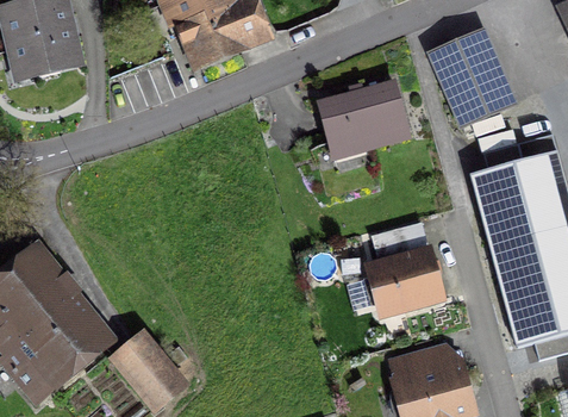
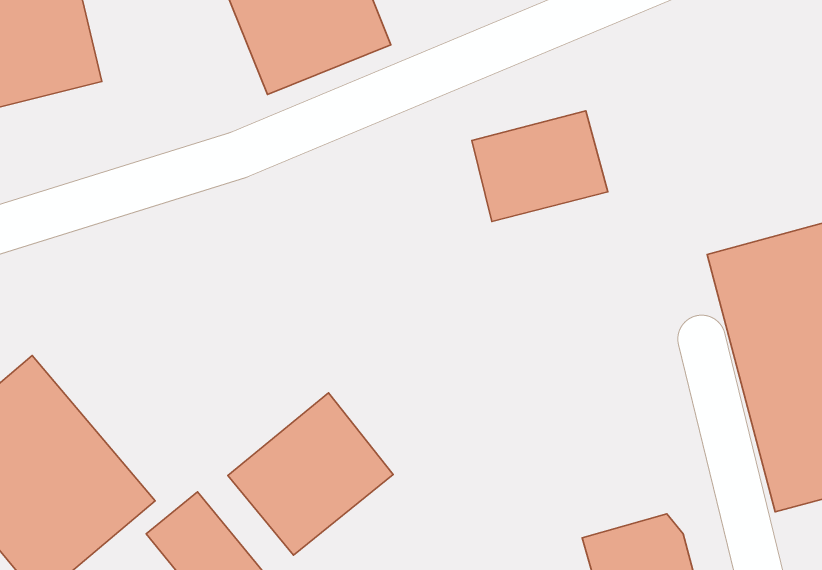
building: [430,31,514,125] -> none
building: [366,223,443,316] -> none
building: none -> [228,393,393,555]

